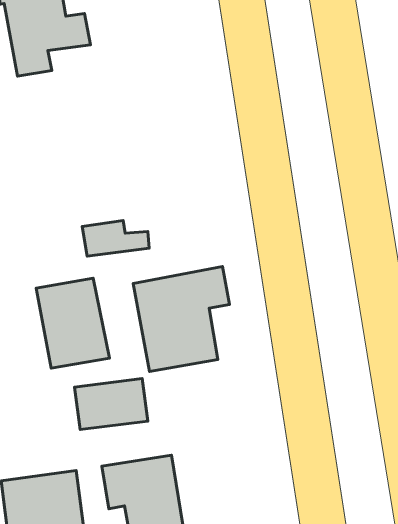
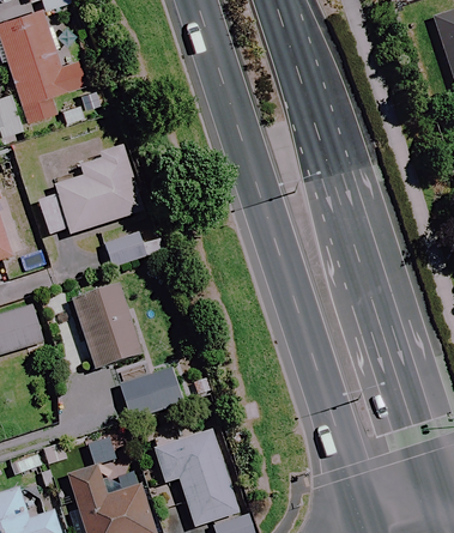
building: none -> [40,146,144,241]
building: [133,266,230,371] -> none

